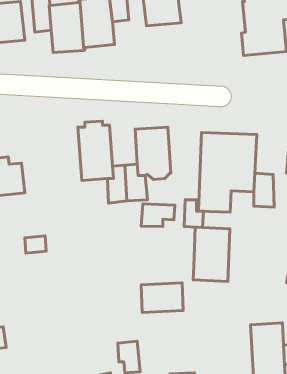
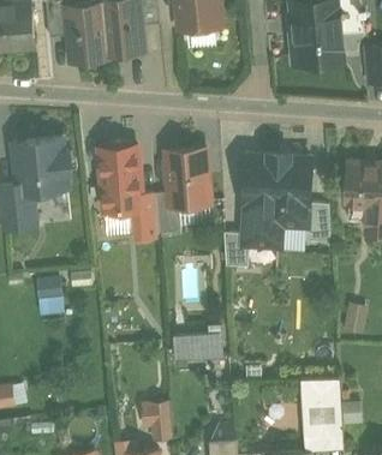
building: none -> [12,139,70,193]
building: [141,204,175,227] -> none
building: [193,227,230,281] -> none

